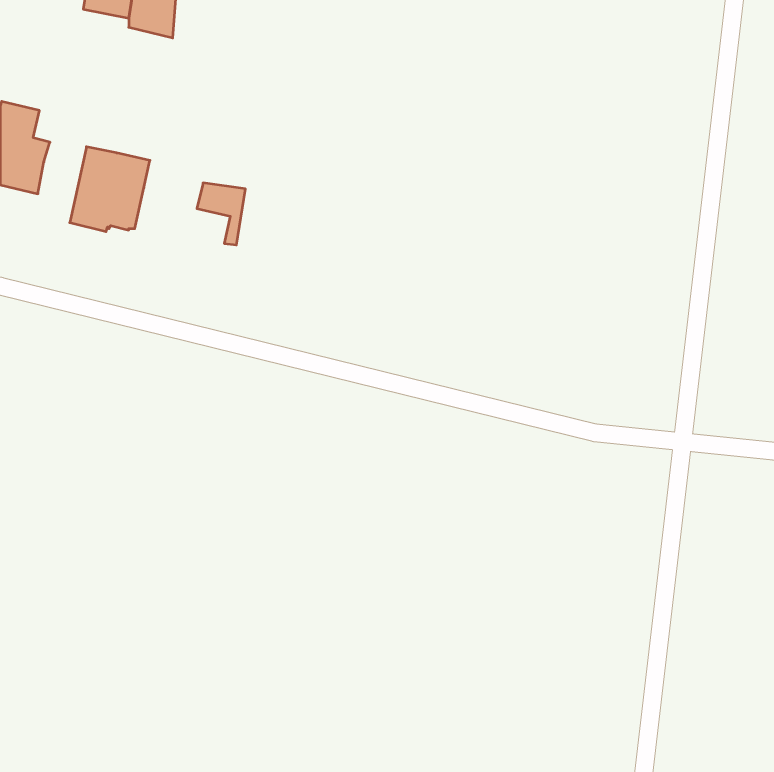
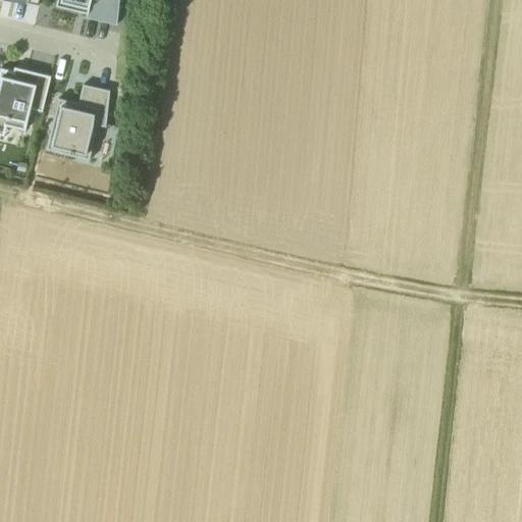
building: none -> [22,70,51,112]
building: [197,183,245,245] -> [79,86,111,127]

